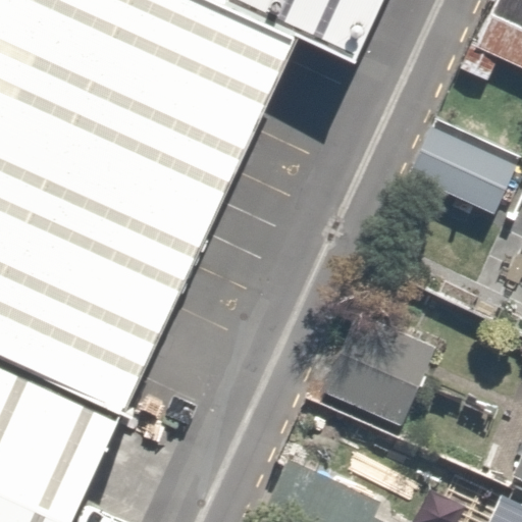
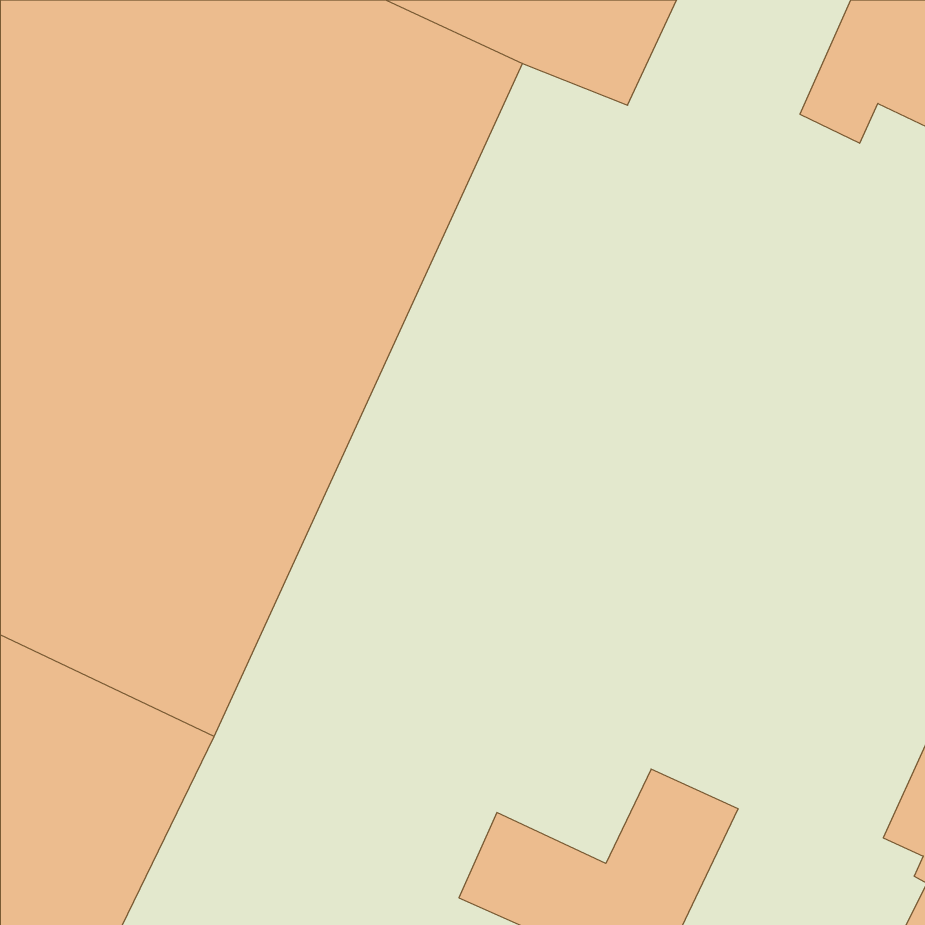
building: [398,114,516,219] -> none
building: [304,302,434,425] -> none

